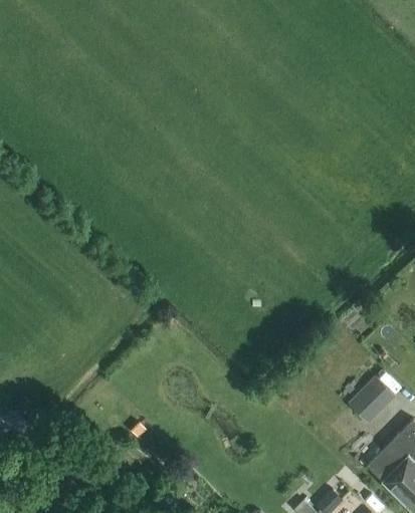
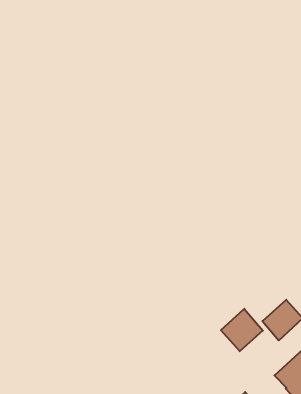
building: none -> [221,309,263,351]

